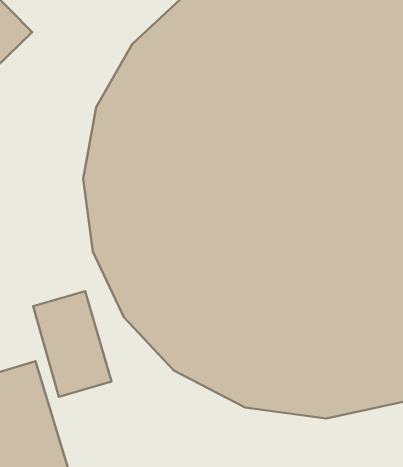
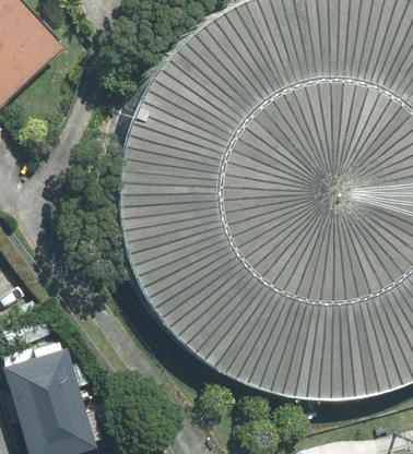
building: [33,291,112,397] -> none

